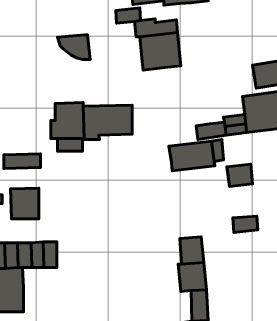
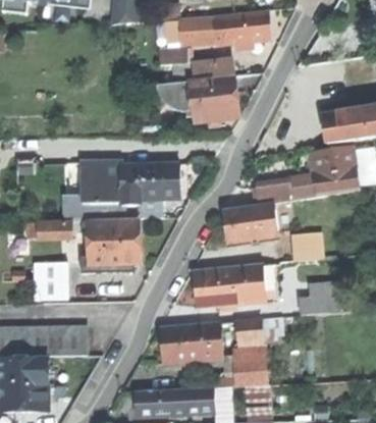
building: [58,35,90,59] -> [152,82,191,111]
building: none -> [86,221,139,264]
building: none -> [192,265,270,307]
building: none -> [160,322,222,363]
building: none -> [135,389,214,415]

